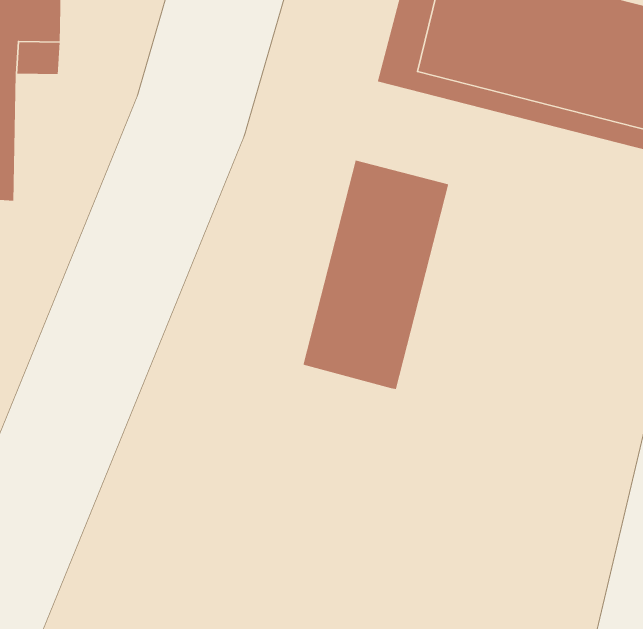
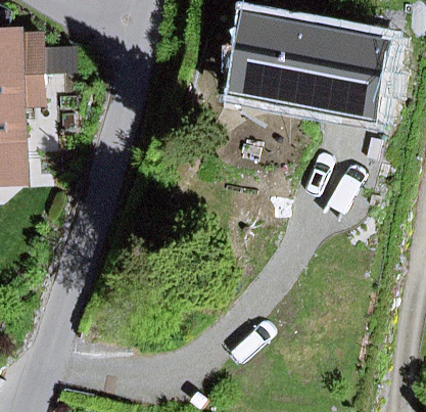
building: [302,159,449,390] -> none

